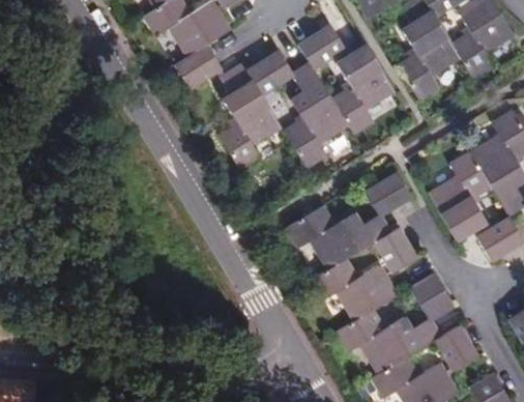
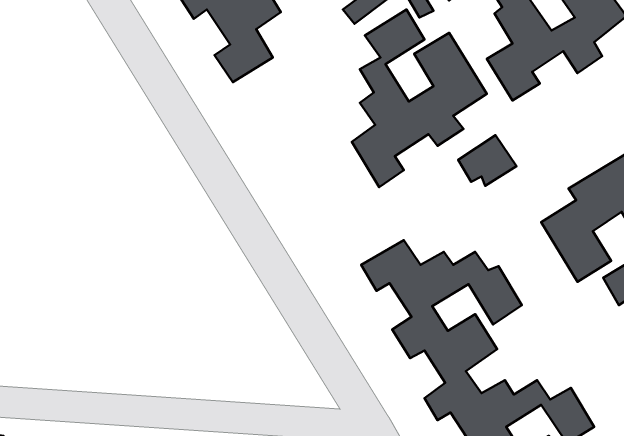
building: [220,47,286,163] -> none
building: [366,174,412,214] -> [458,135,516,186]
building: [414,275,457,316] -> none

